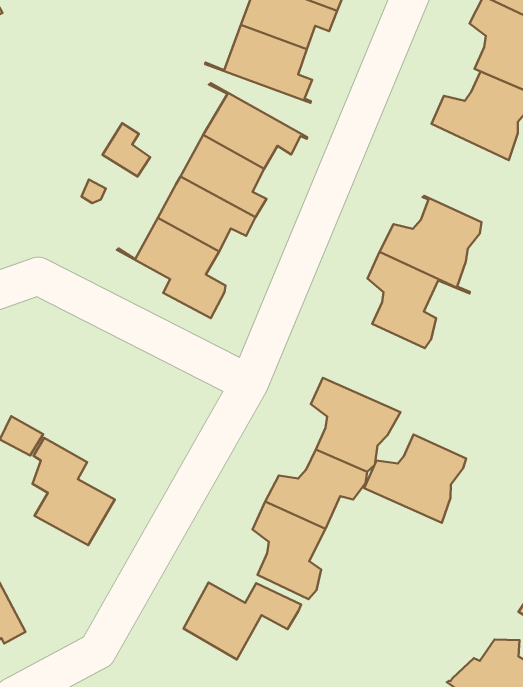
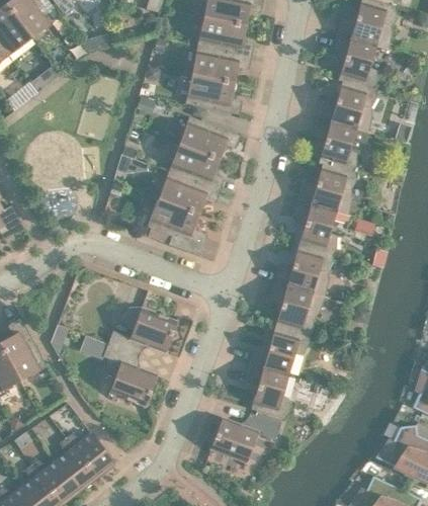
building: none -> [311,118,366,174]
building: none -> [107,307,176,356]
building: [364,434,466,523] -> [272,246,332,298]

